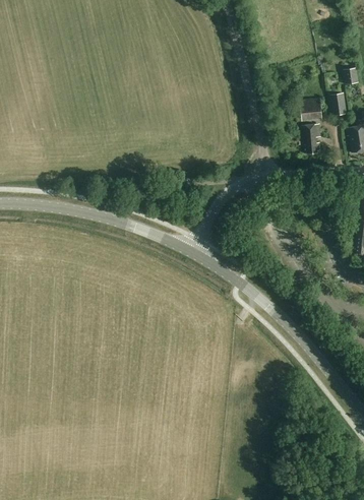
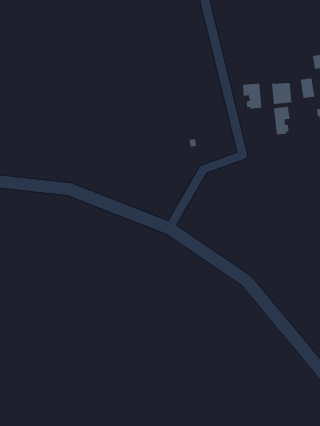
building: none -> [243,83,262,109]

